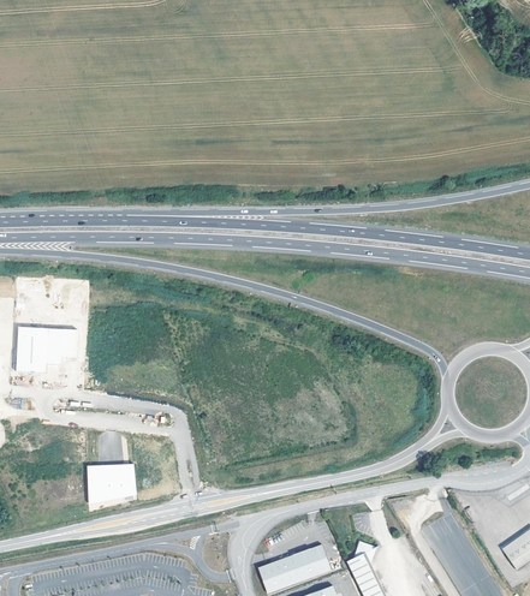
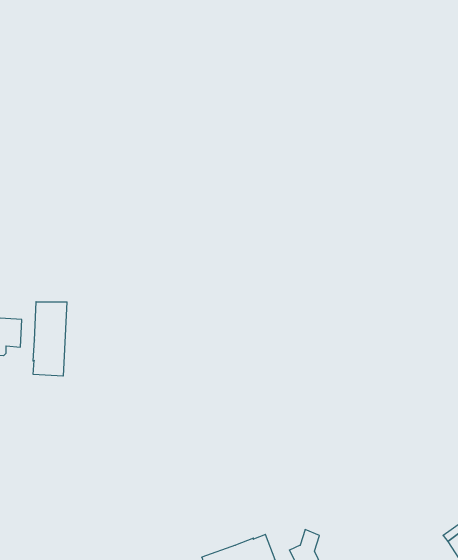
building: none -> [33,302,67,376]
building: [87,464,135,495] -> none

